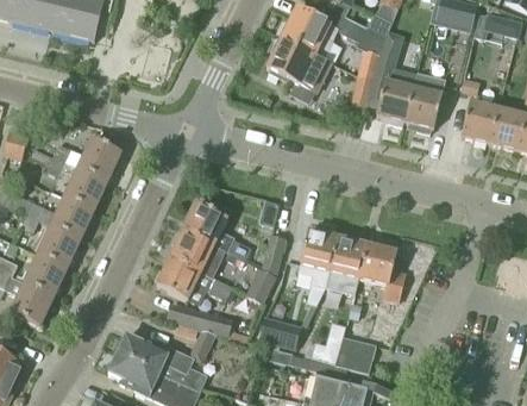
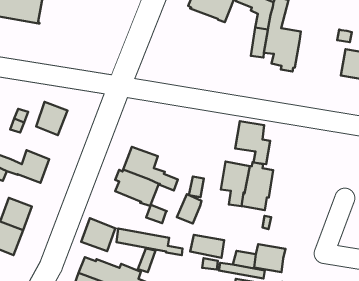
building: [266,37,331,92] -> none
building: [406,76,445,132] -> none
building: [65,168,106,210] -> none
building: [39,225,80,267] -> none
building: [360,245,404,301] -> [235,121,270,164]
building: [158,256,202,299] -> [81,218,116,251]

